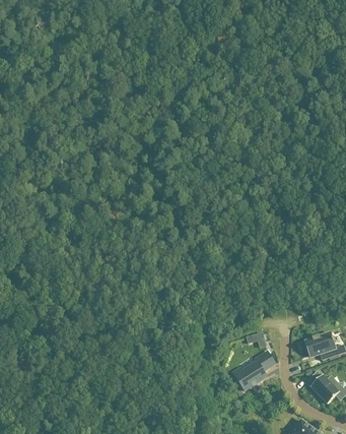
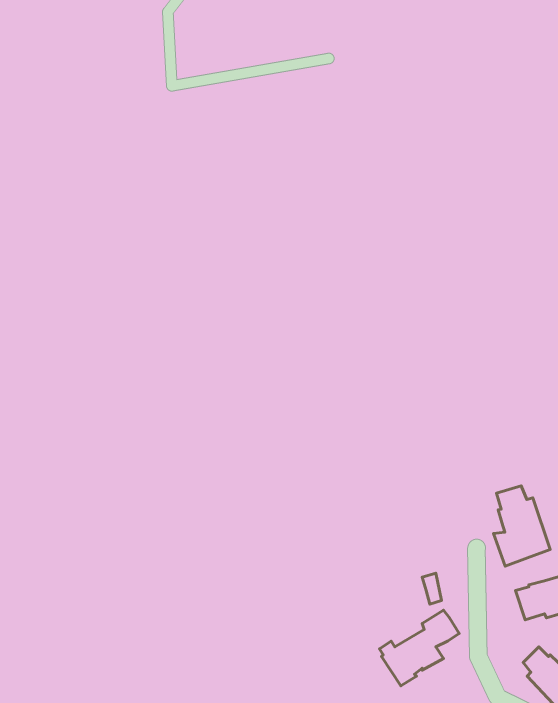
building: none -> [494,486,550,566]

